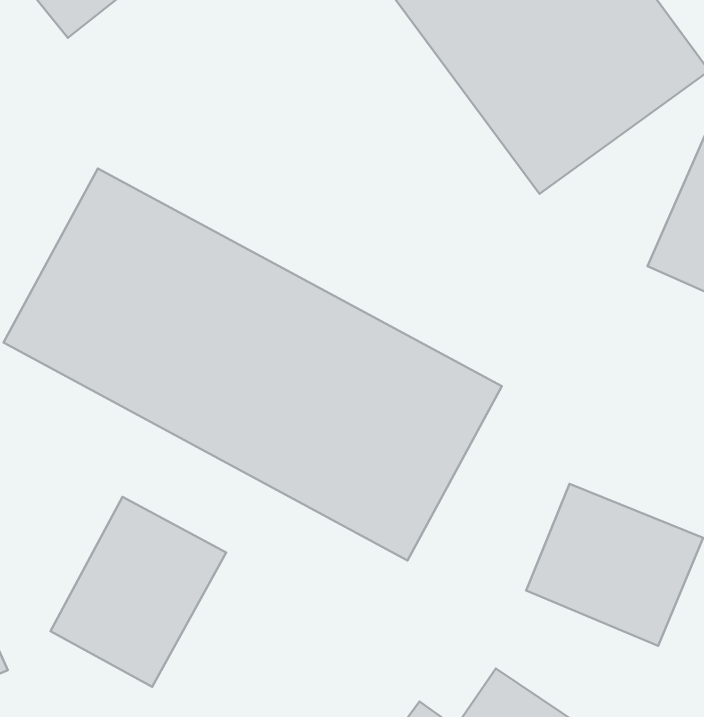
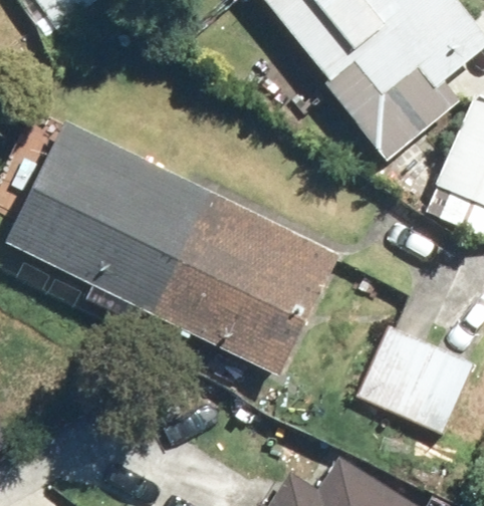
building: [51,497,226,687] -> none

